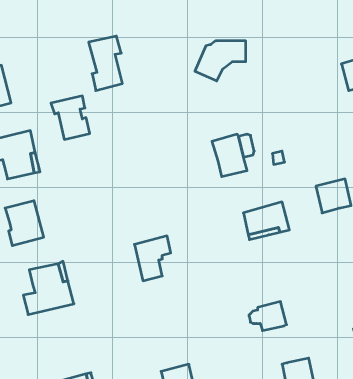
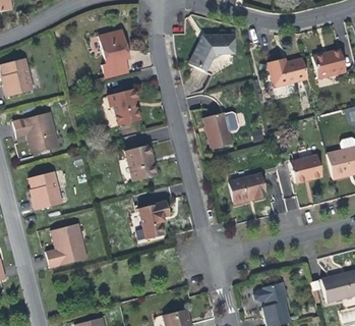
building: none -> [269,58,307,87]
building: [51,96,90,139] -> [108,88,140,124]
building: none -> [126,143,158,180]
building: [249,302,287,331] -> [255,283,287,308]

